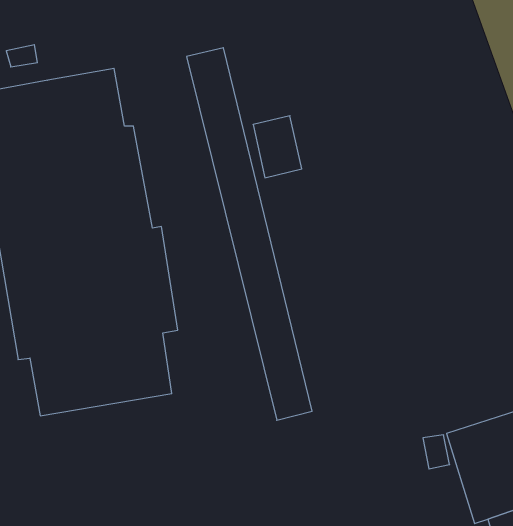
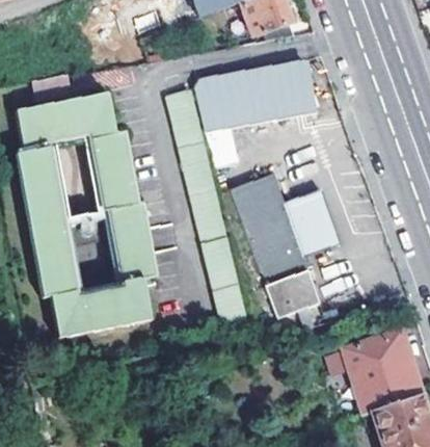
building: none -> [194,60,321,128]
building: none -> [232,166,340,313]

